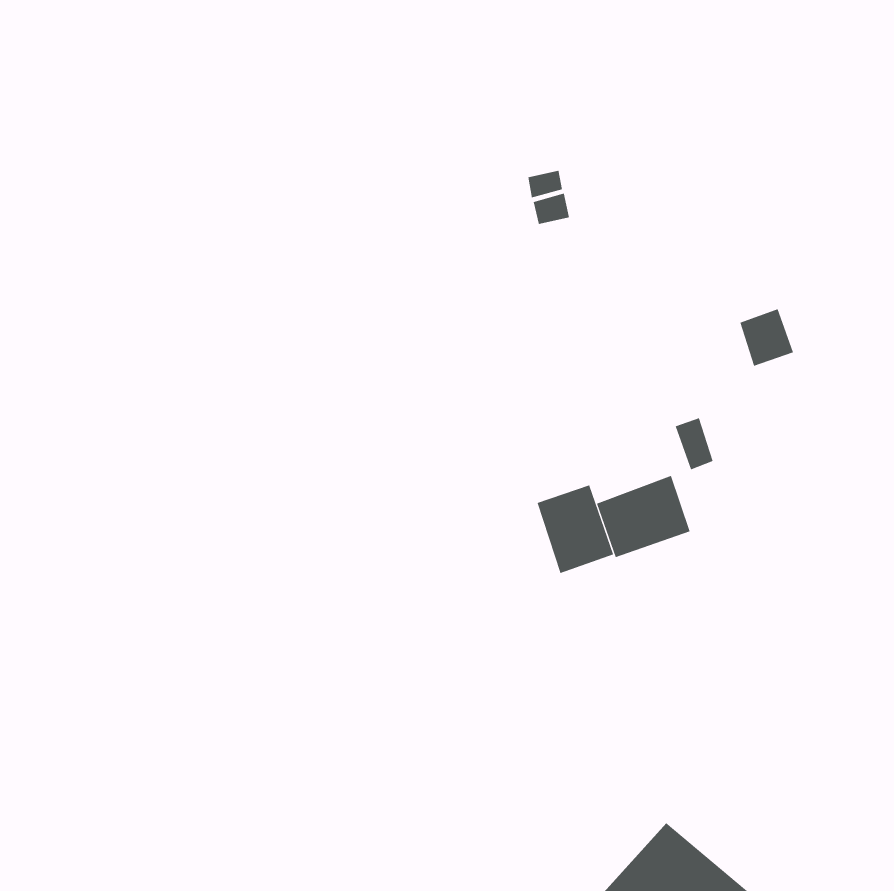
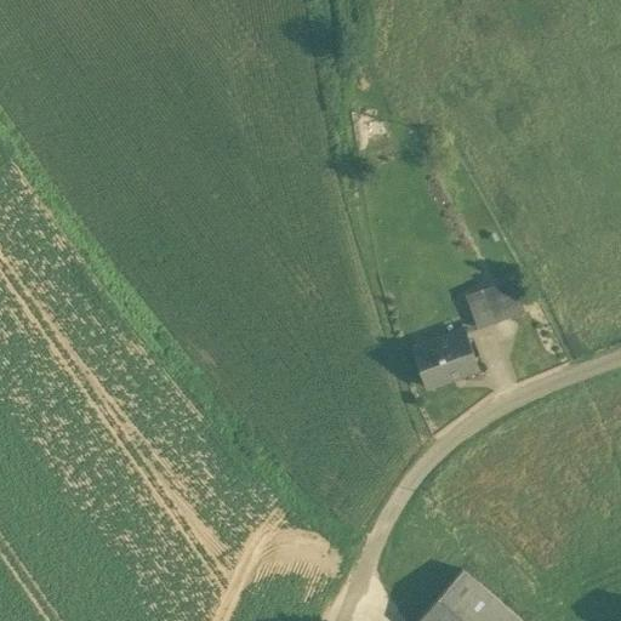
building: [740,309,794,366] -> [484,283,522,323]
building: [537,485,614,574] -> none

